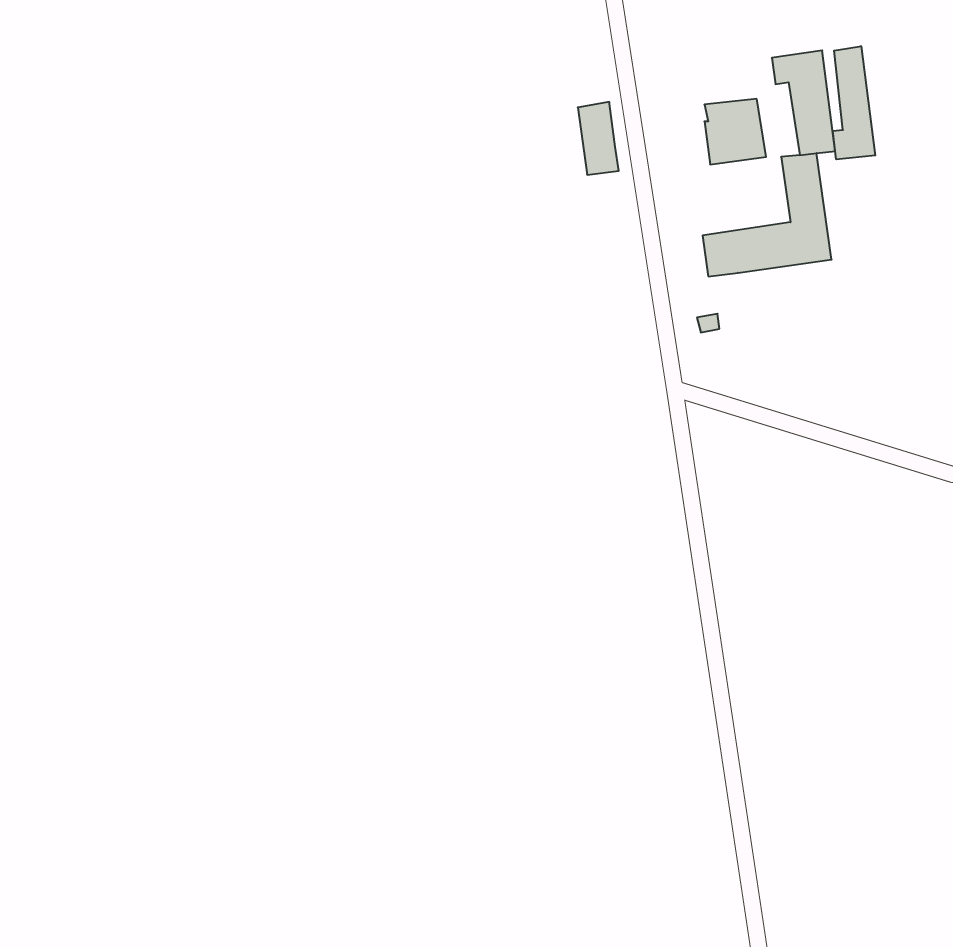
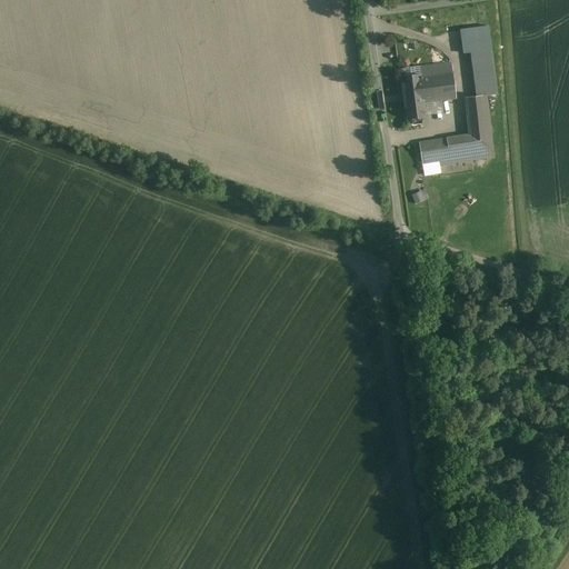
building: [833,46,875,159] -> none
building: [578,102,619,175] -> [400,71,425,114]

